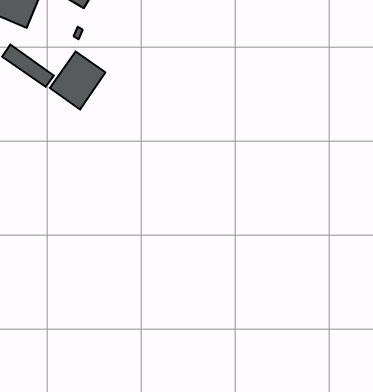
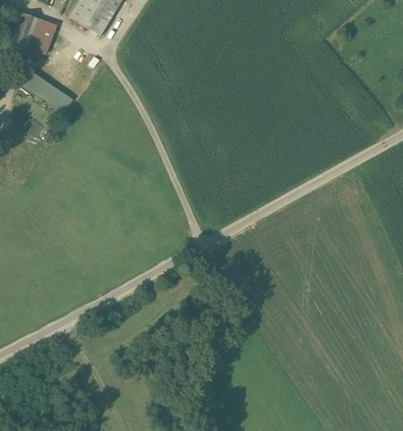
building: [50,51,105,110] -> none

